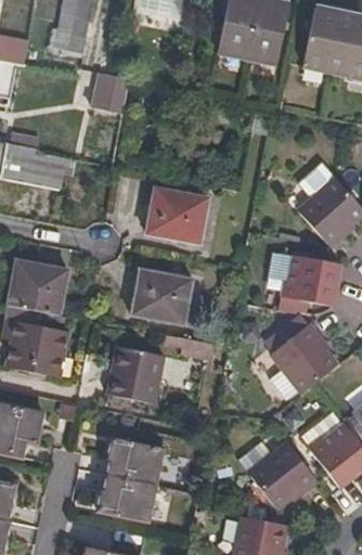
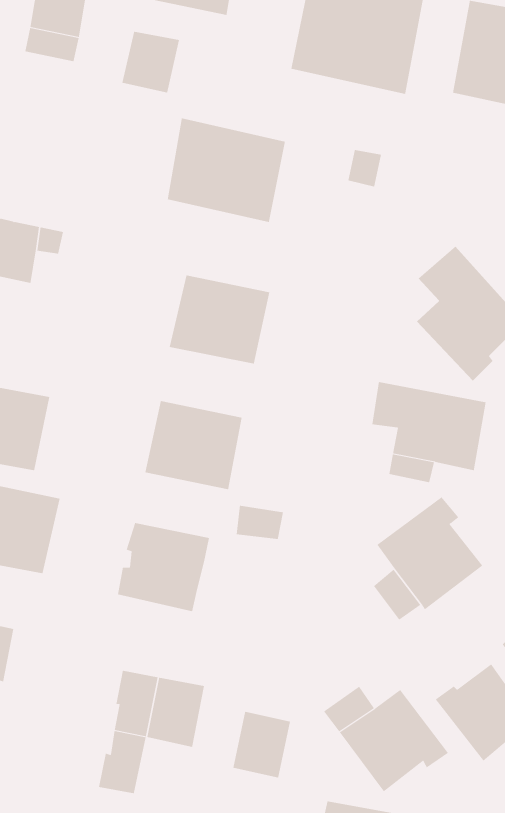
building: [92,75,129,114] -> [121,31,180,93]
building: none -> [167,117,286,223]
building: [120,478,157,520] -> [232,711,291,778]

